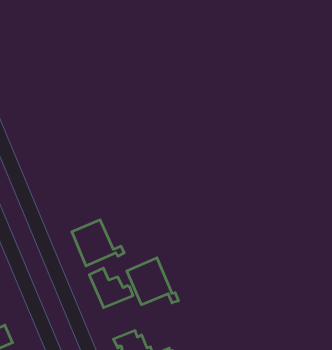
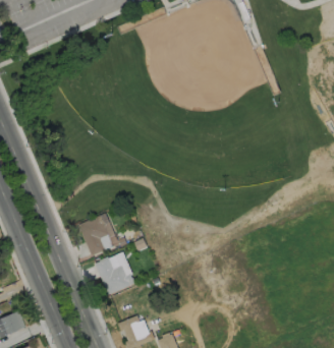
building: [127,258,178,305] -> none

